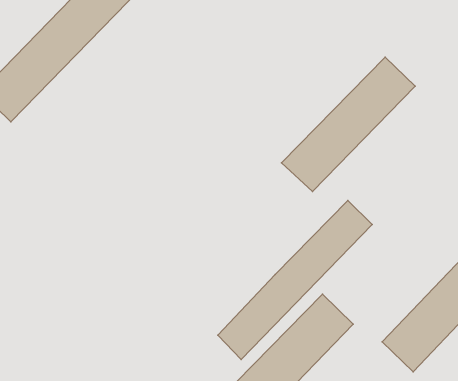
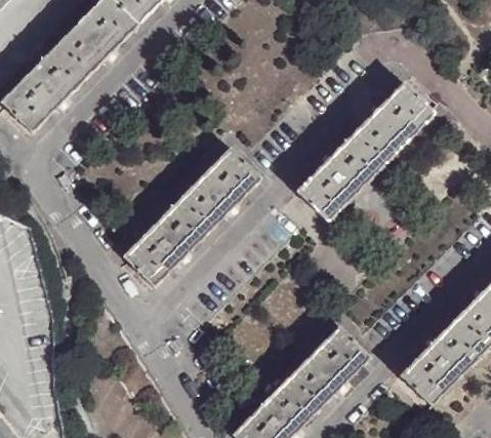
building: none -> [123,148,261,286]
building: [218,200,372,360] -> none

